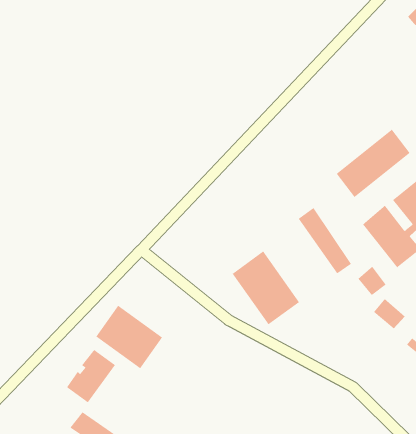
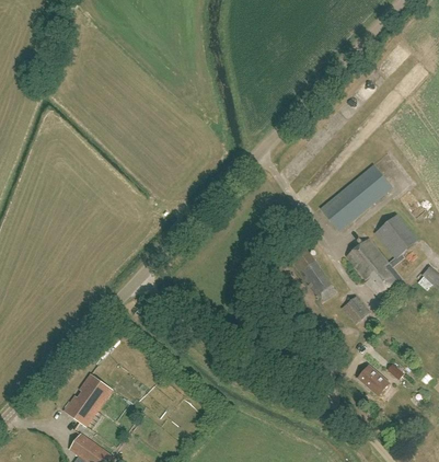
building: [232,251,300,325] -> none
building: [373,298,405,329] -> [358,366,389,395]
building: [95,305,163,369] -> none

